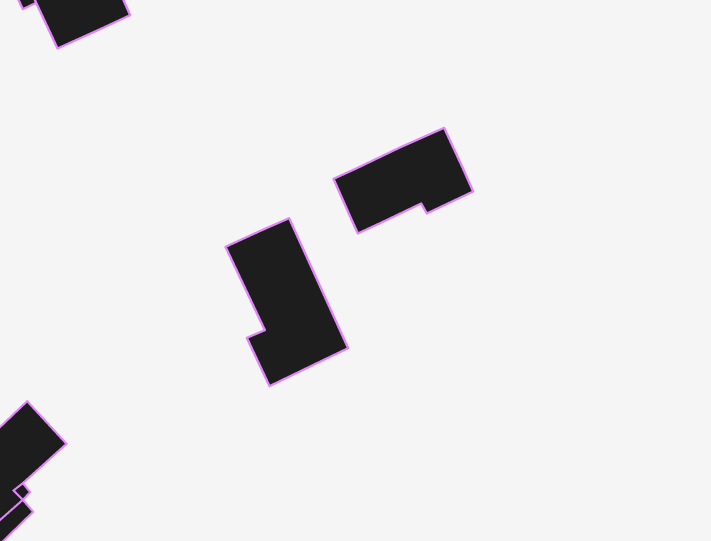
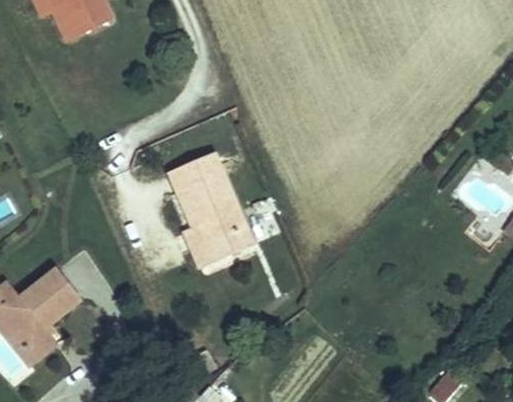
building: [333,128,473,234] -> none

